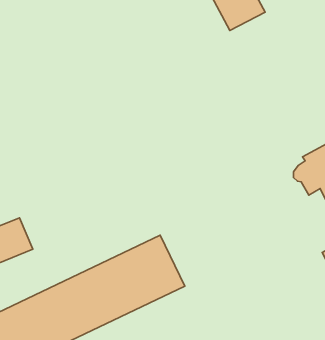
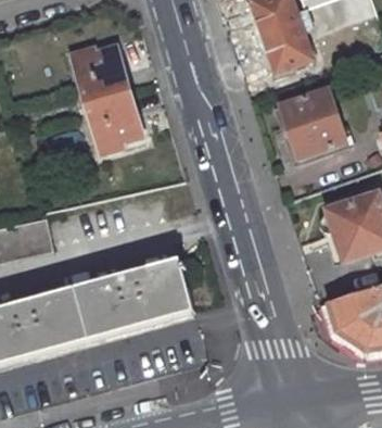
building: none -> [69,47,140,146]
building: none -> [281,89,346,155]

